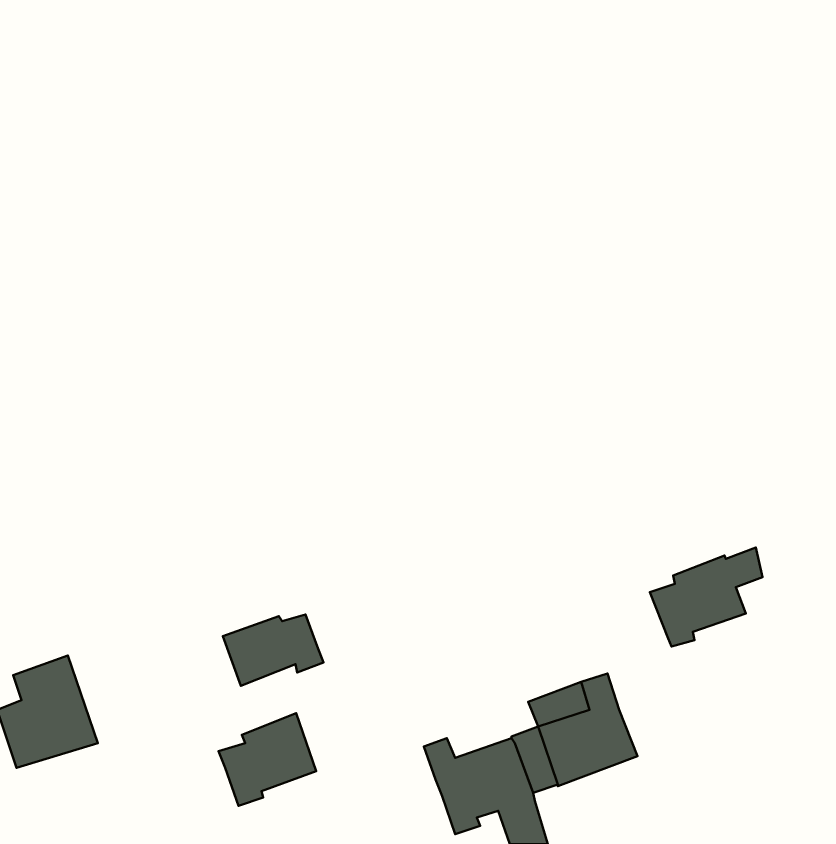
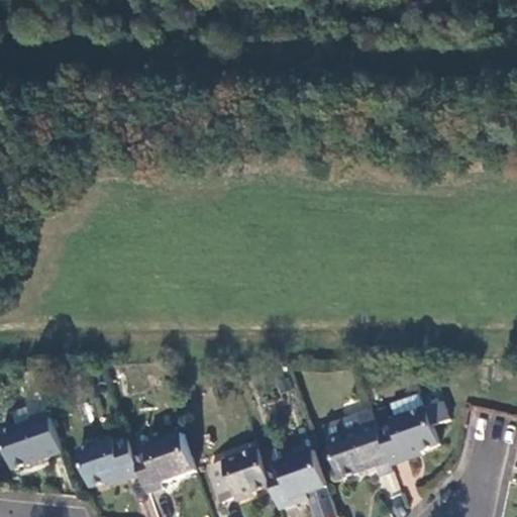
building: [650,547,762,647] -> [378,406,446,467]
building: [223,615,324,686] -> [76,439,137,483]
building: none -> [208,448,270,504]

